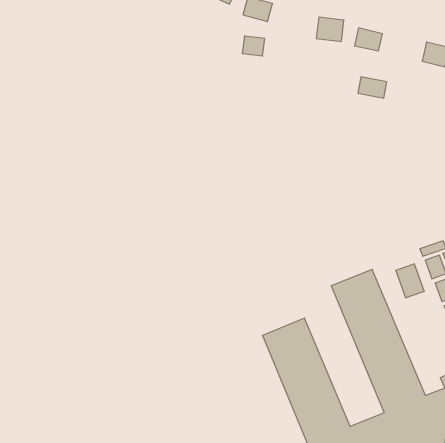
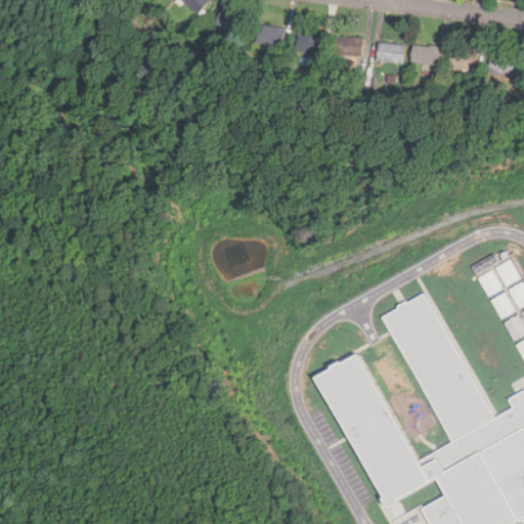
building: [242,36,265,56] -> [298,35,319,53]
building: [358,77,387,98] -> [411,46,440,66]
building: [396,264,424,298] -> none

